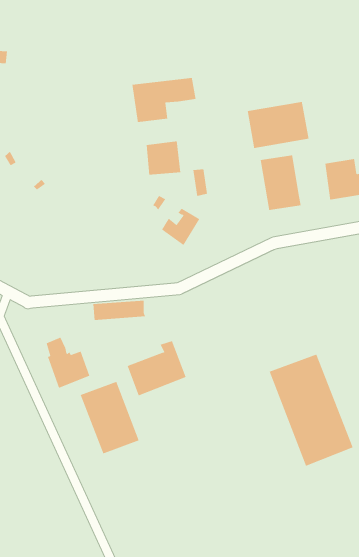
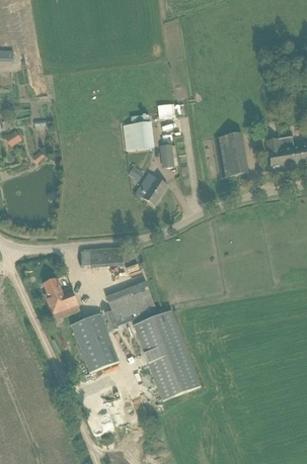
building: [132,77,196,123] -> none
building: [247,101,309,149] -> none
building: [269,354,354,466] -> [132,309,200,399]

